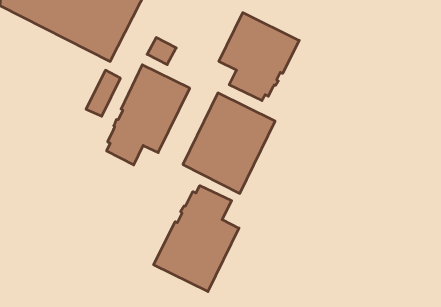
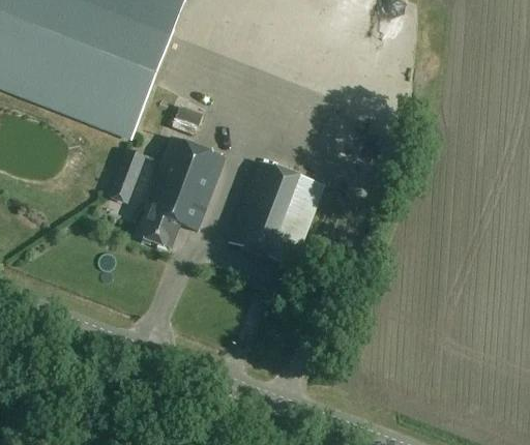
building: [219,13,299,101] -> none
building: [154,186,239,292] -> none

